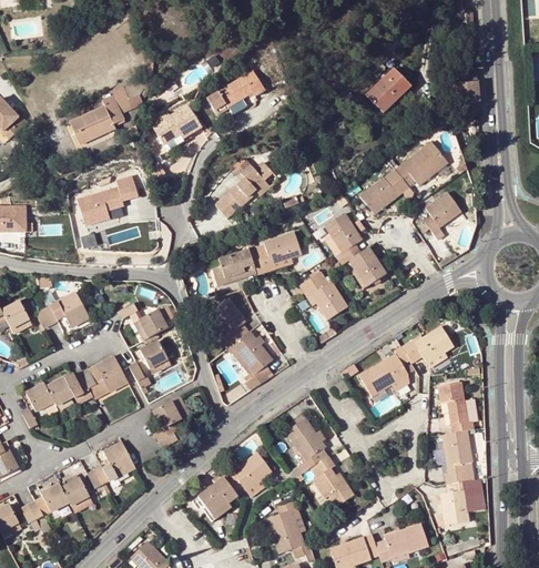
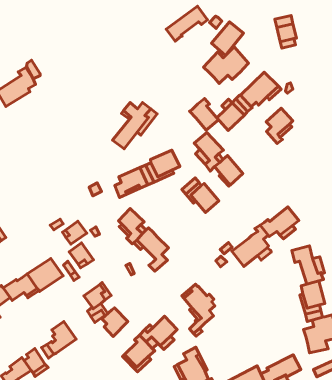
building: [209,71,265,114] -> [166,6,207,41]
building: none -> [203,47,249,83]
building: [152,103,201,143] -> none
building: none -> [189,99,218,130]
building: [80,175,141,226] -> none
building: [58,292,89,326] -> none
building: none -> [102,308,128,337]
building: [309,456,353,507] -> none

